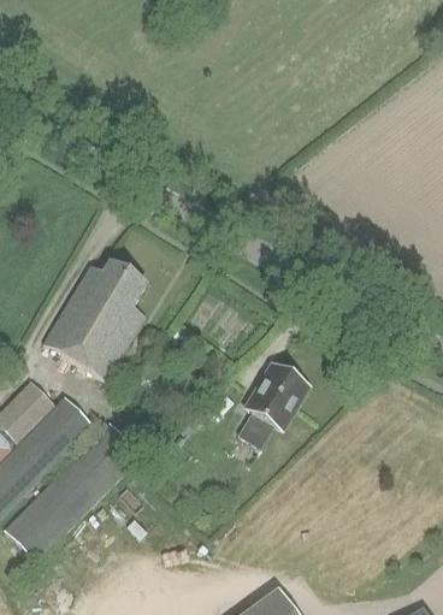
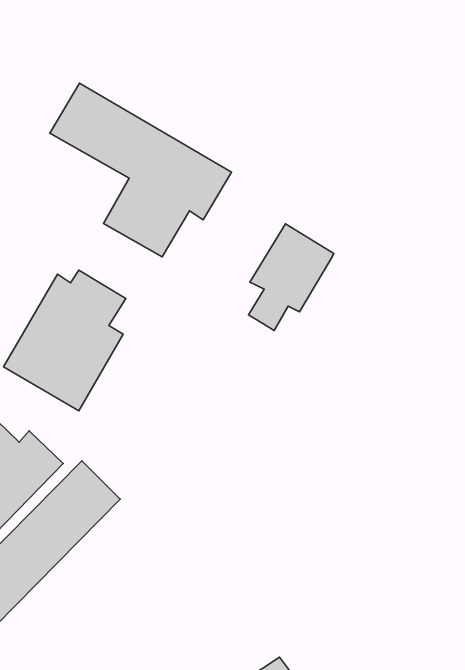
building: none -> [50,83,232,257]
building: [238,356,311,447] -> [248,224,334,330]

